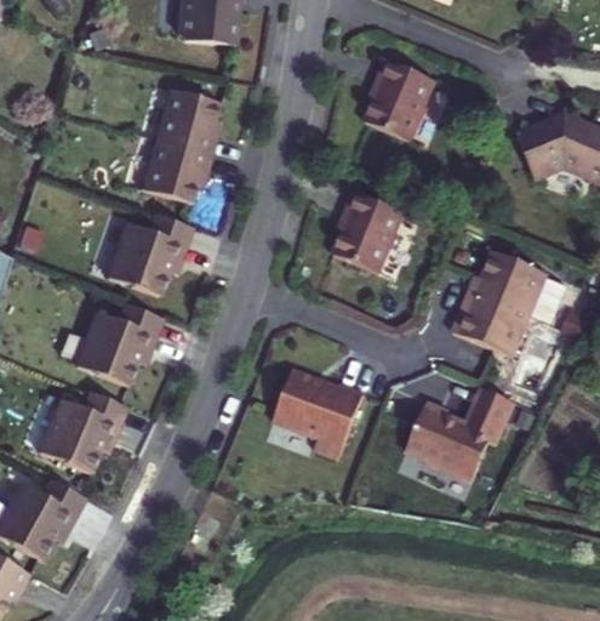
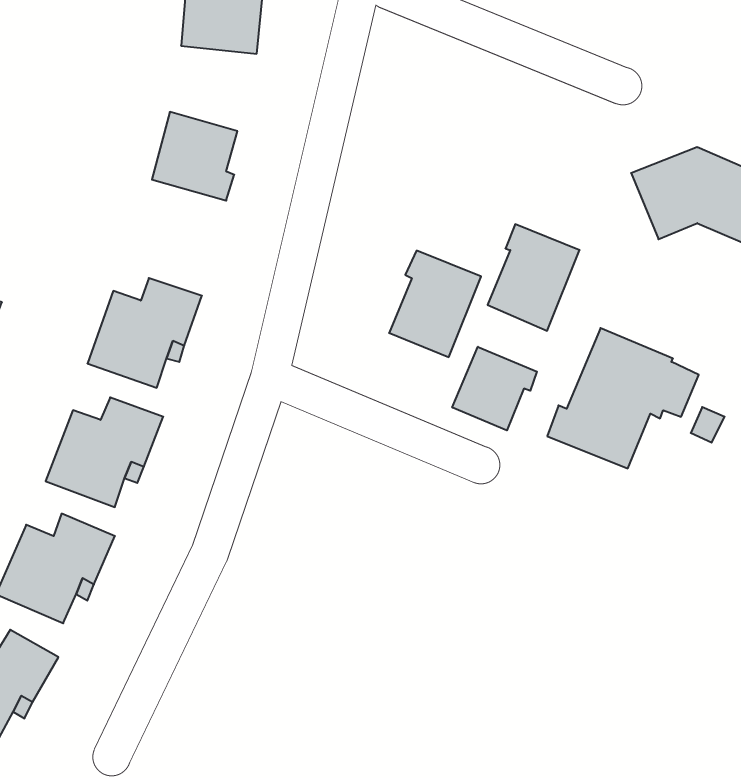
building: [365,59,434,139] -> [488,224,580,331]
building: [141,138,211,203] -> none
building: none -> [452,347,537,430]
building: [273,368,362,458] -> none
building: [405,387,513,482] -> none

